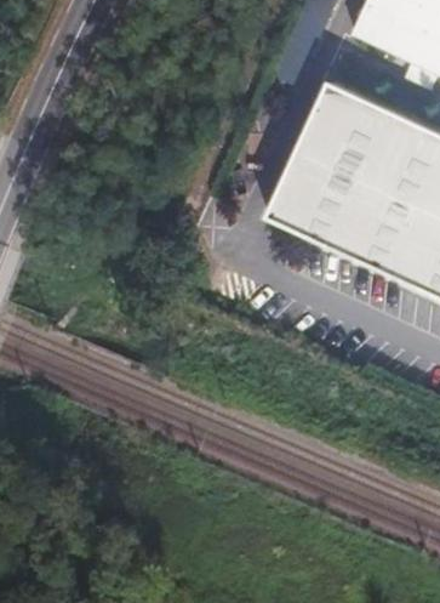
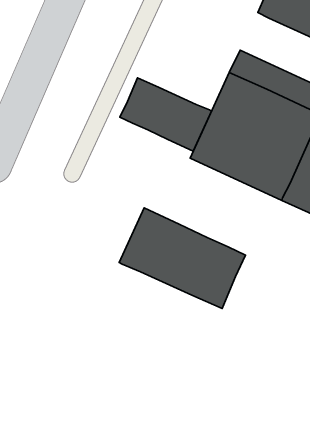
building: none -> [120,78,212,151]
building: none -> [119,208,246,308]

